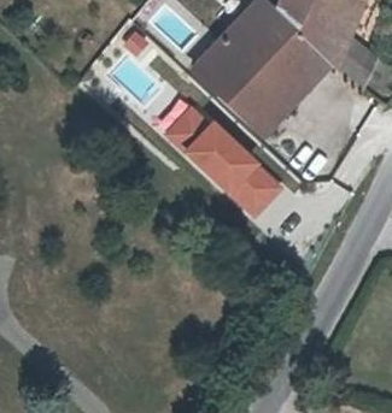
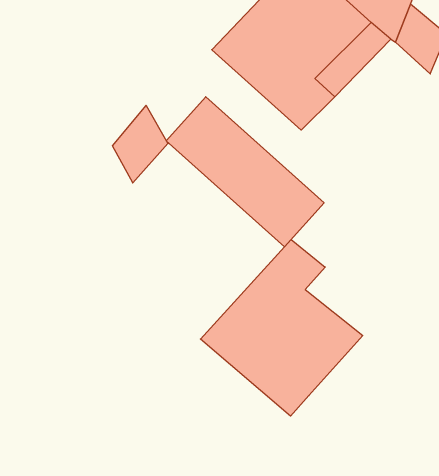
building: none -> [113,105,168,183]
building: none -> [200,240,363,416]

